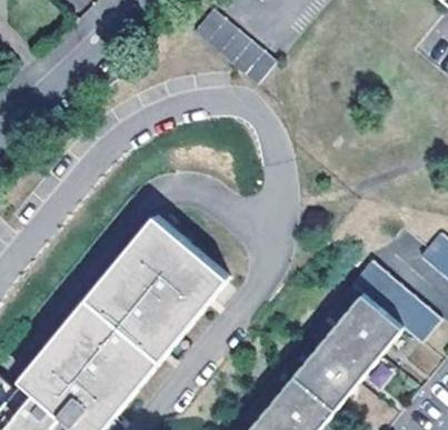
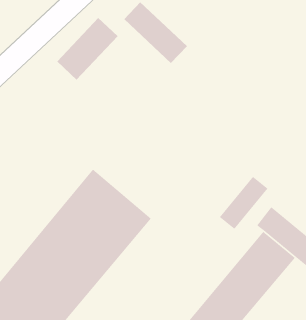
building: none -> [56,17,118,80]
building: none -> [219,176,269,230]

